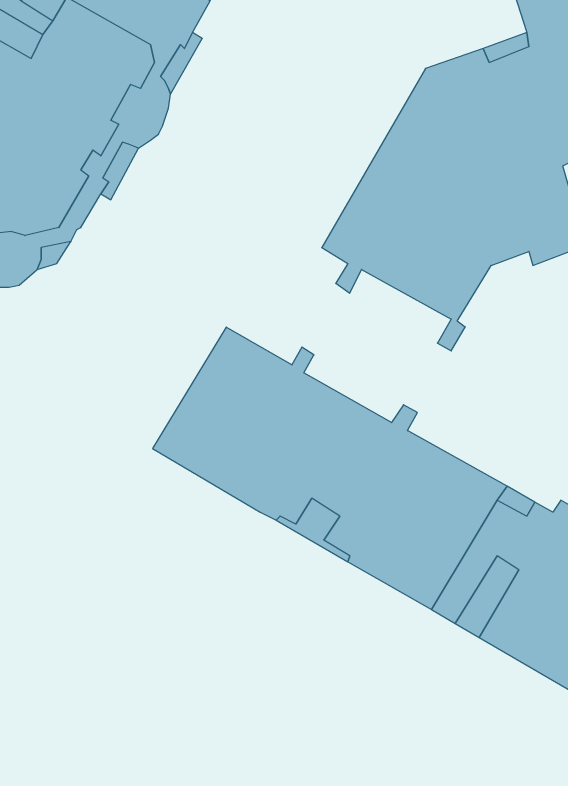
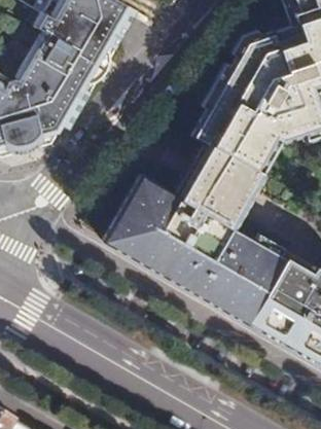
building: none -> [179,146,256,225]

